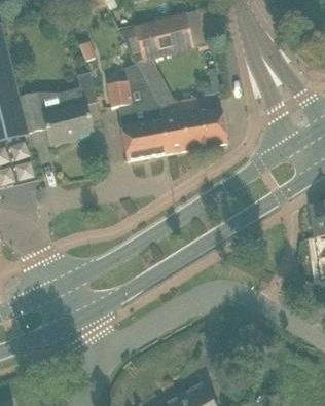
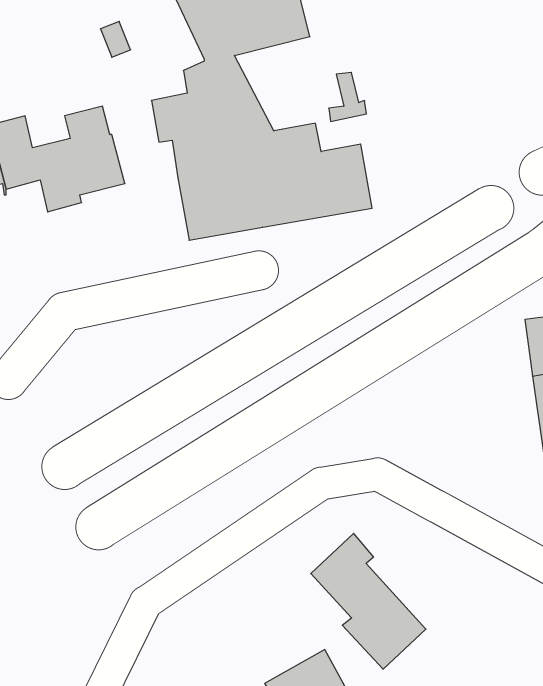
building: none -> [311,533,426,669]

